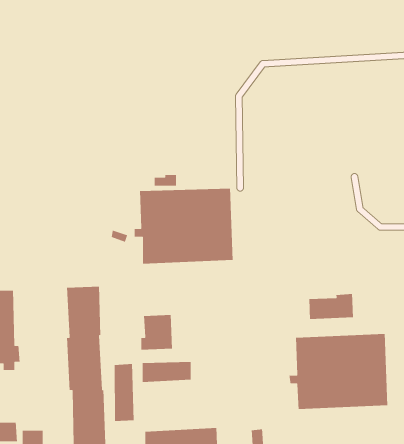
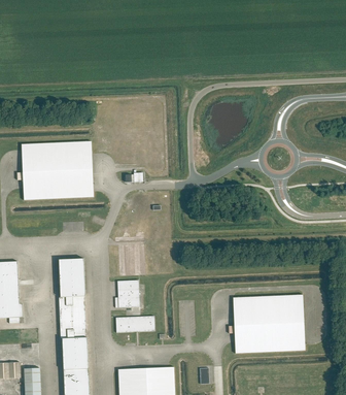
building: [134,188,234,265] -> [16,141,93,200]
building: [308,293,354,320] -> none
building: [114,363,134,422] -> none

